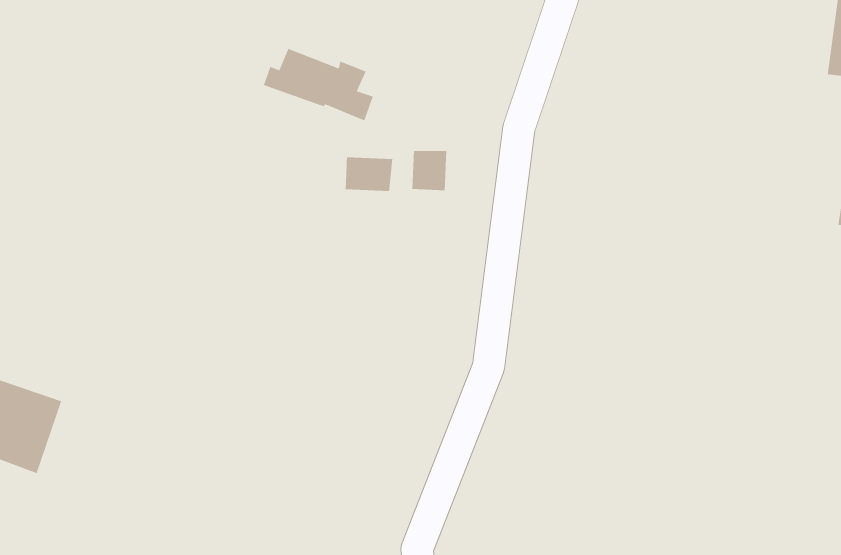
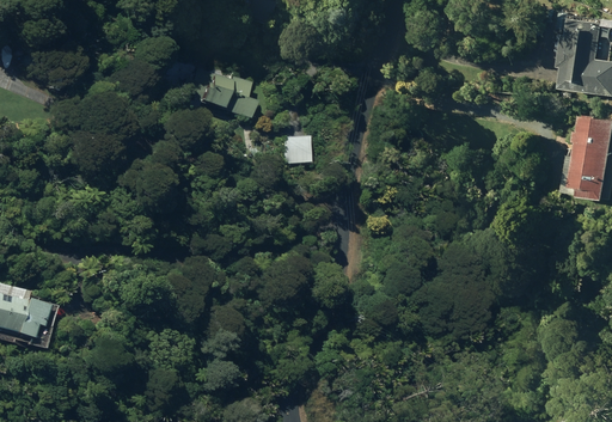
building: [345,156,393,192] -> none

